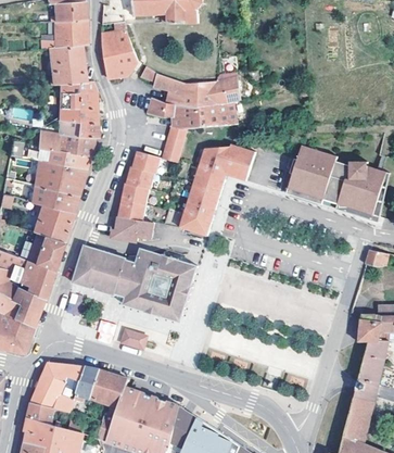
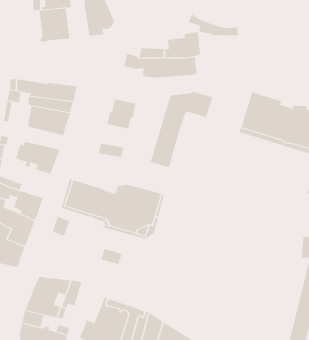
building: [140,66,201,92] -> [187,14,239,36]
building: [55,80,97,137] -> none
building: [163,125,185,161] -> none
building: [203,167,246,235] -> none
building: [120,181,154,210] -> none
building: [30,185,77,212] -> none
building: [116,216,153,240] -> none
building: [35,236,62,269] -> none
building: [90,369,128,407] -> none

